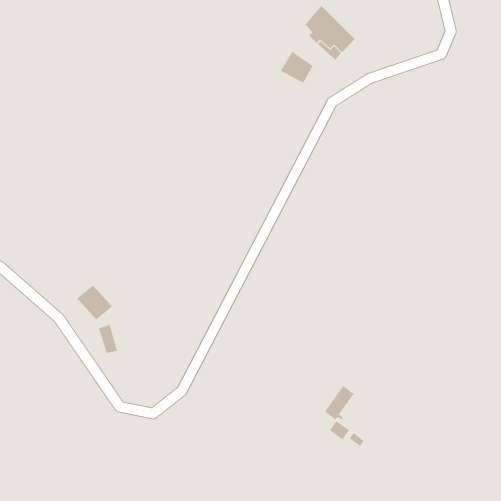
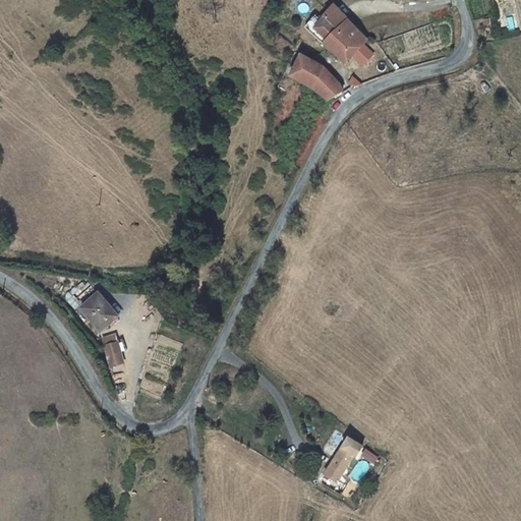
building: none -> [314,68,345,99]
building: [324,385,355,420] -> [322,446,353,482]

